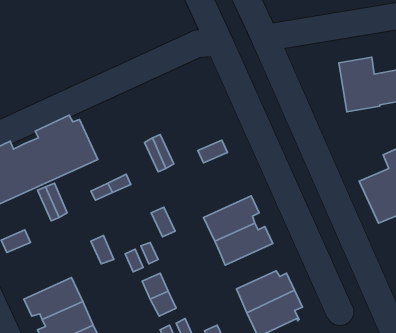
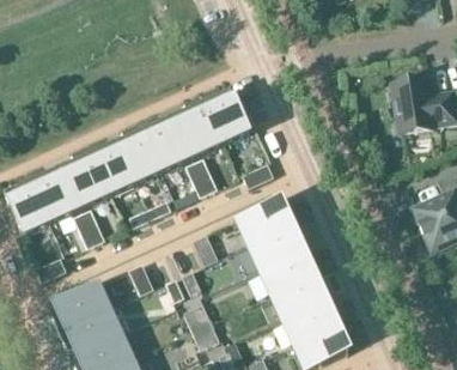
building: none -> [117,86,250,184]
building: none -> [236,199,298,245]
building: none -> [270,273,329,321]
building: none -> [50,284,109,332]

